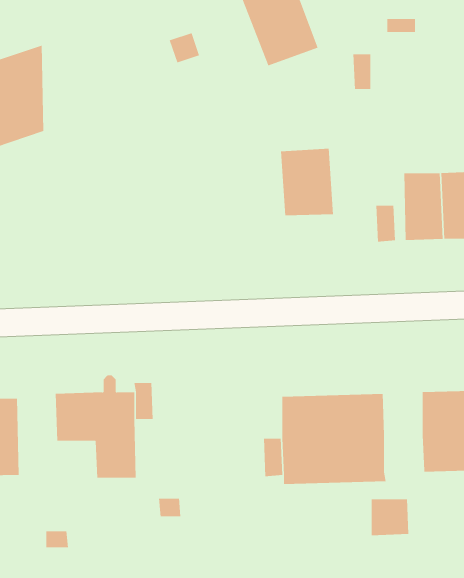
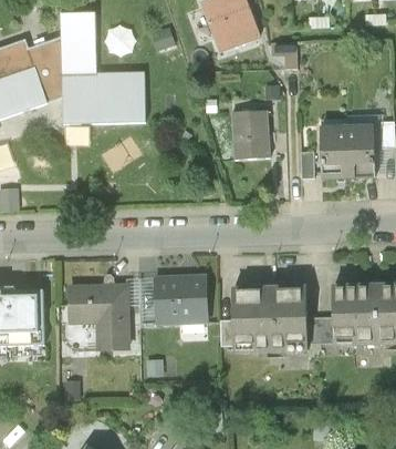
building: none -> [60,12,145,124]
building: none -> [156,276,207,324]
building: [371,499,409,536] -> [306,317,334,344]

